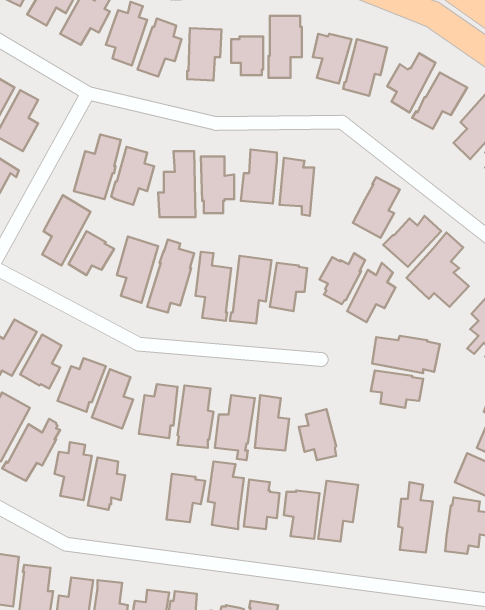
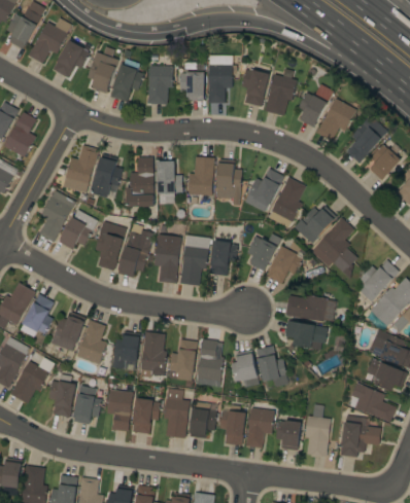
building: none -> [244,169,284,212]
building: none -> [257,346,288,388]
building: none -> [106,390,133,432]
building: none -> [275,421,301,451]

